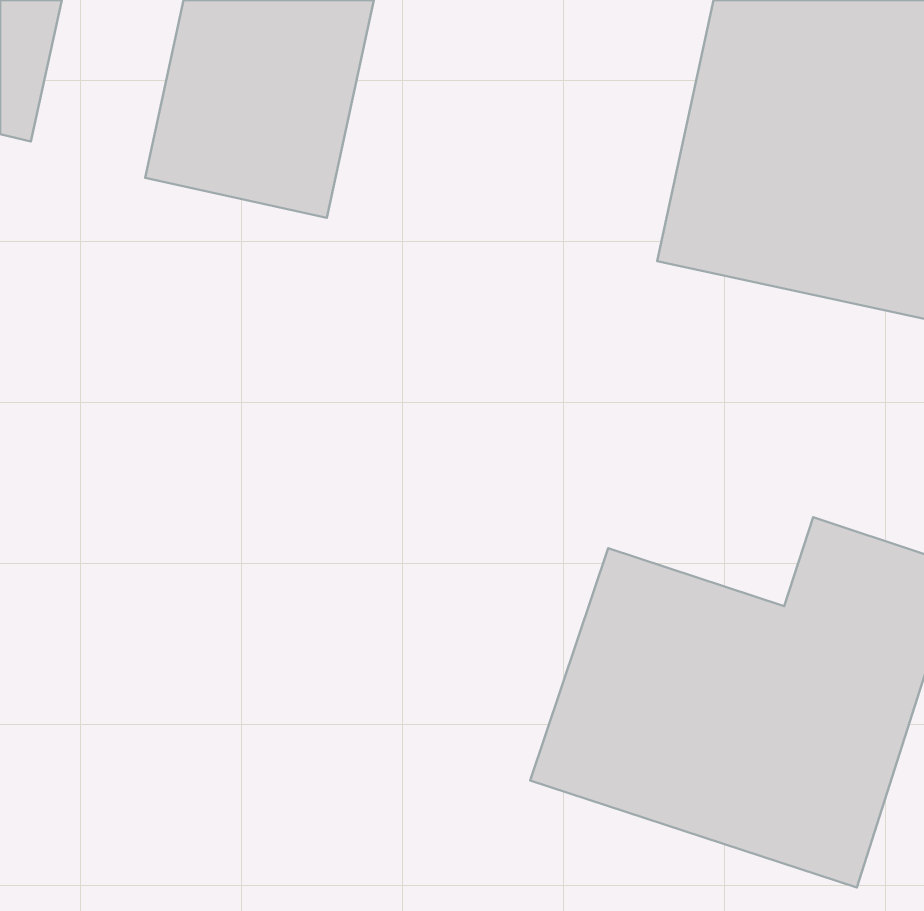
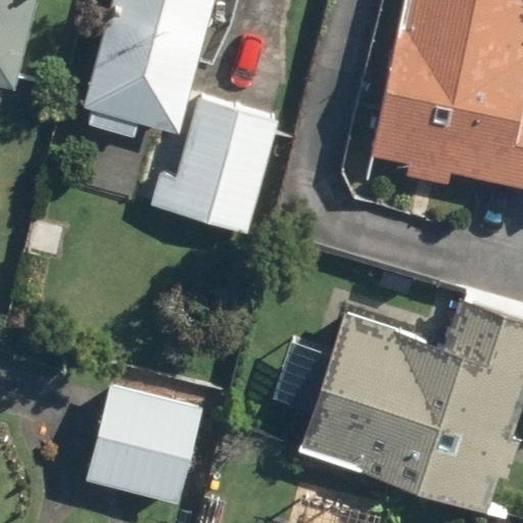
building: none -> [173,106,273,233]
building: none -> [82,384,210,504]

